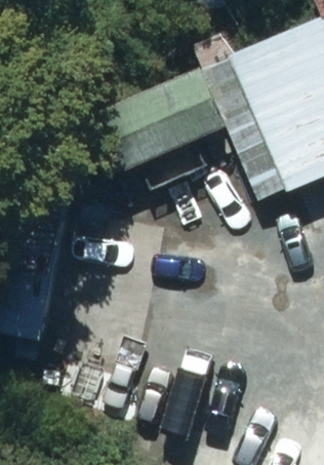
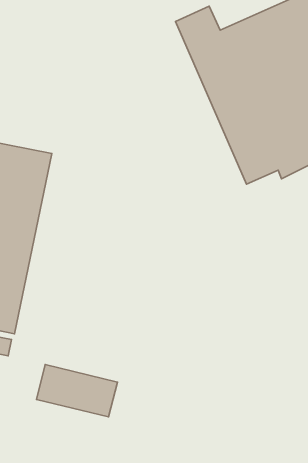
building: [85,67,229,176] -> none

